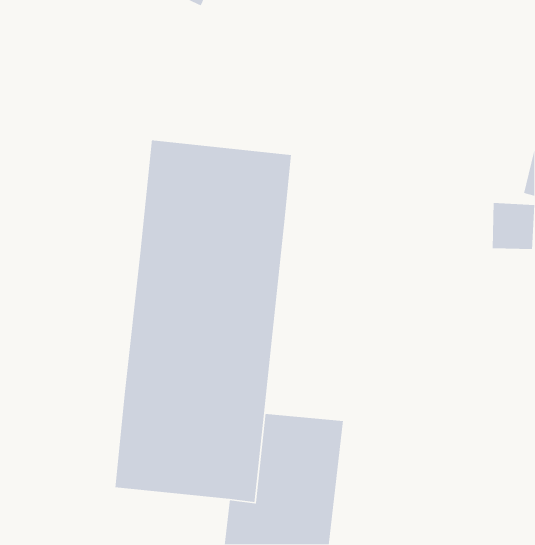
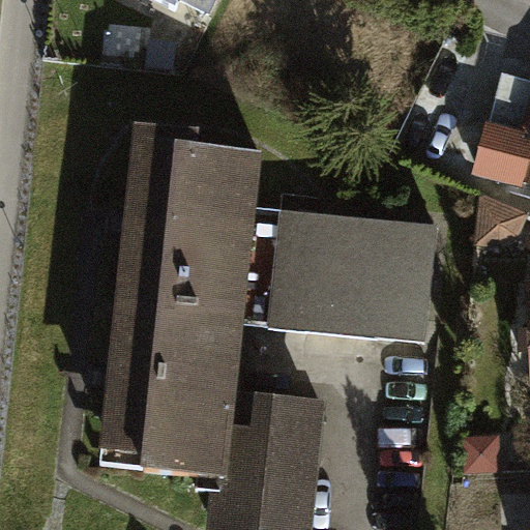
building: none -> [261,209,447,344]

